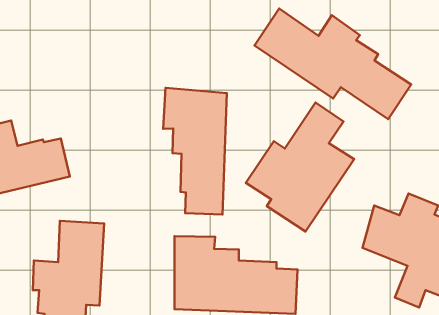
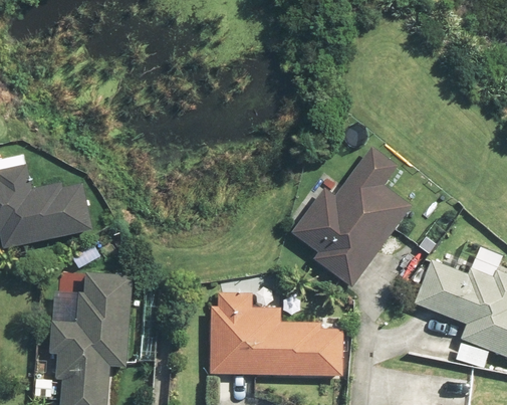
building: [255,8,411,119] -> none
building: [163,88,227,215] -> none

